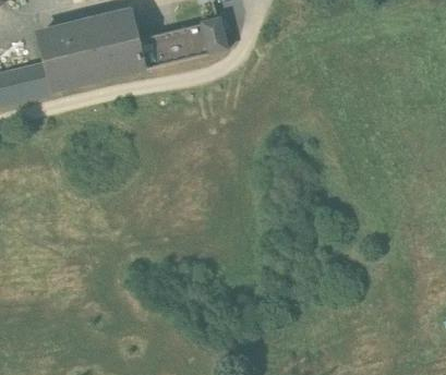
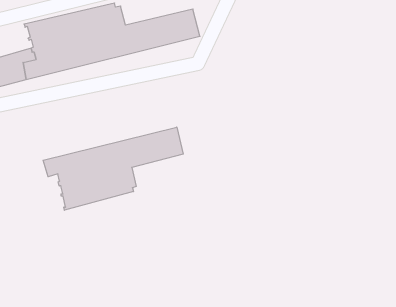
building: none -> [43,127,183,210]

